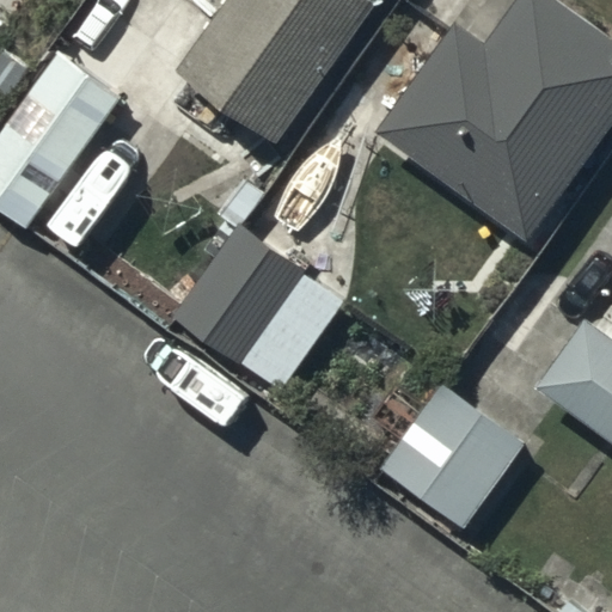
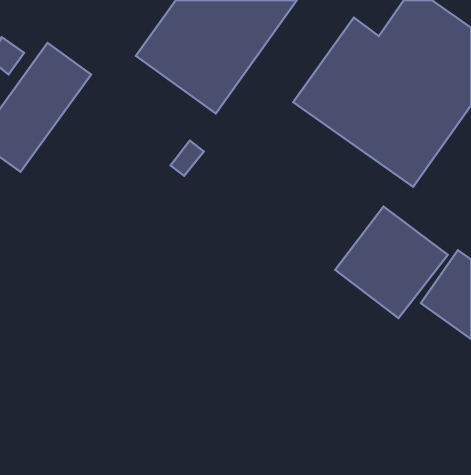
building: [175,227,341,388] -> none
building: [379,385,524,528] -> [335,206,448,318]

